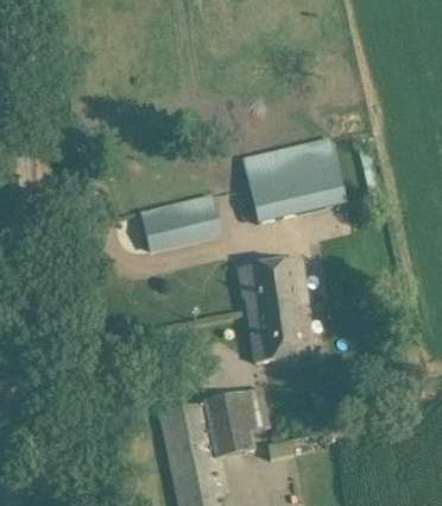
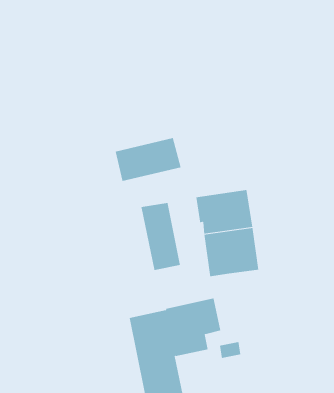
building: [241,138,345,221] -> none
building: none -> [141,202,181,271]

